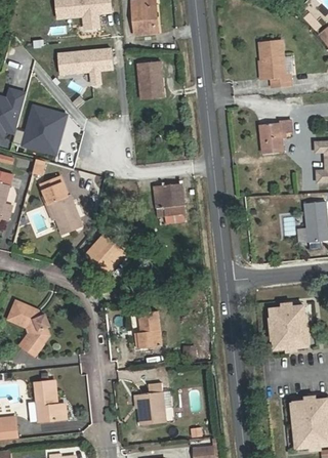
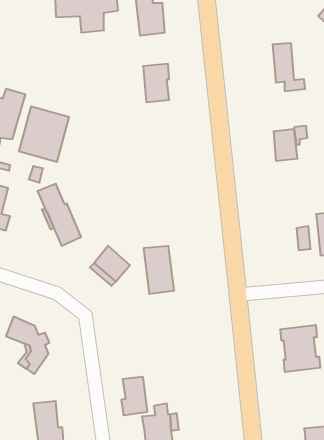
building: [57,45,114,84] -> none
building: [155,178,183,223] -> [144,246,174,294]
building: [137,310,162,346] -> [121,377,147,415]

